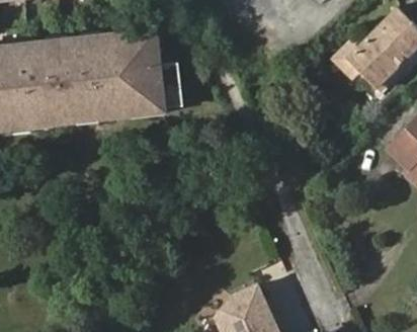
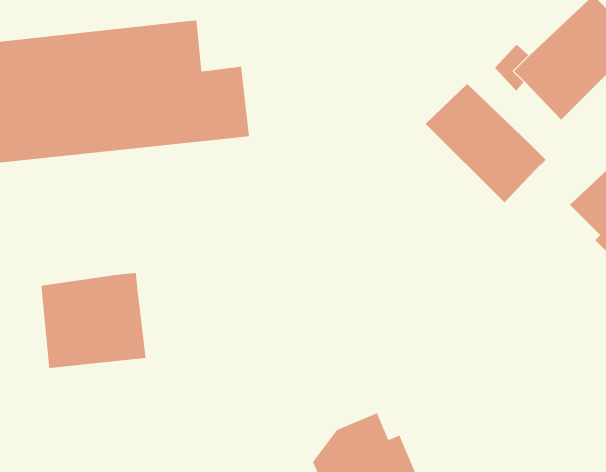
building: none -> [425,83,546,203]
building: none -> [41,272,146,369]

